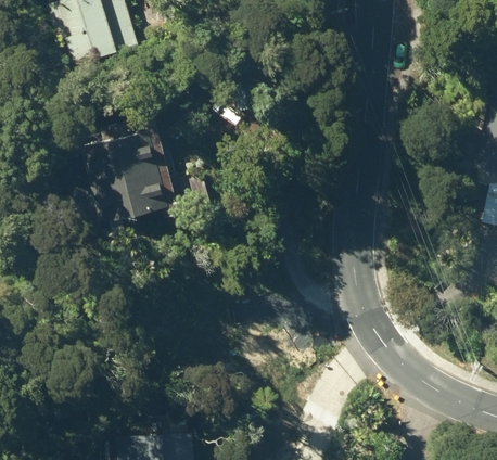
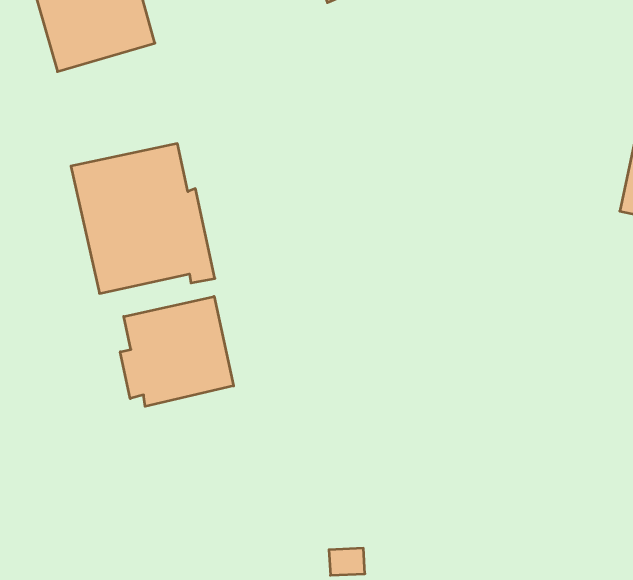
building: none -> [120,296,234,406]

